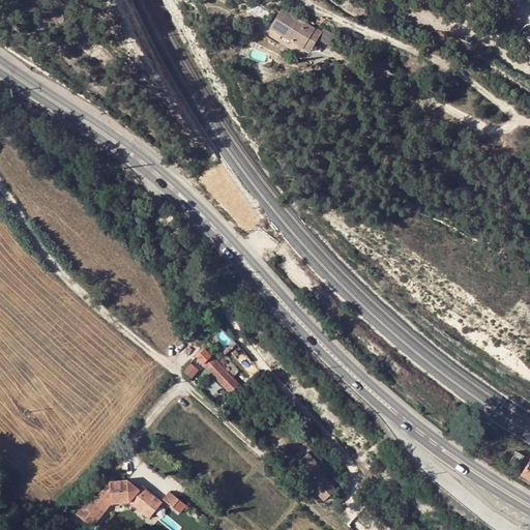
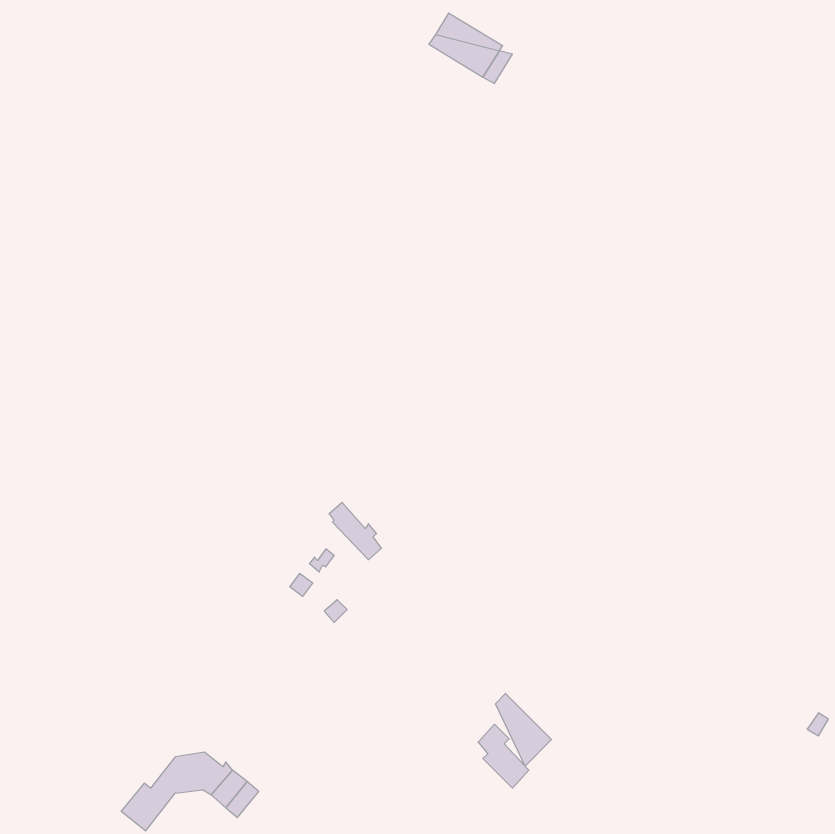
building: [205,358,238,394] -> [329,502,381,560]
building: none -> [496,693,551,766]

